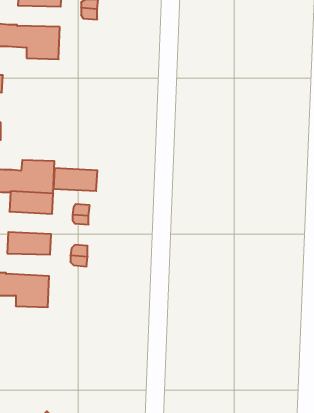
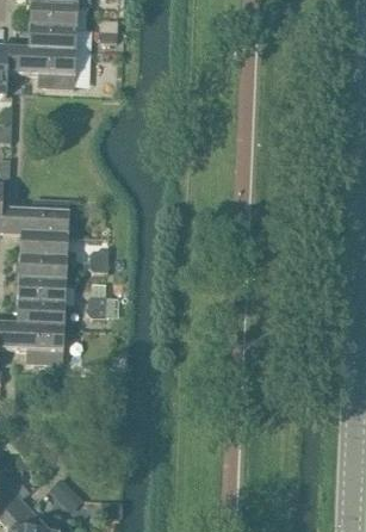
building: none -> [27,25,76,49]
building: [53,168,97,191] -> [18,254,67,279]
building: none -> [15,301,64,326]

